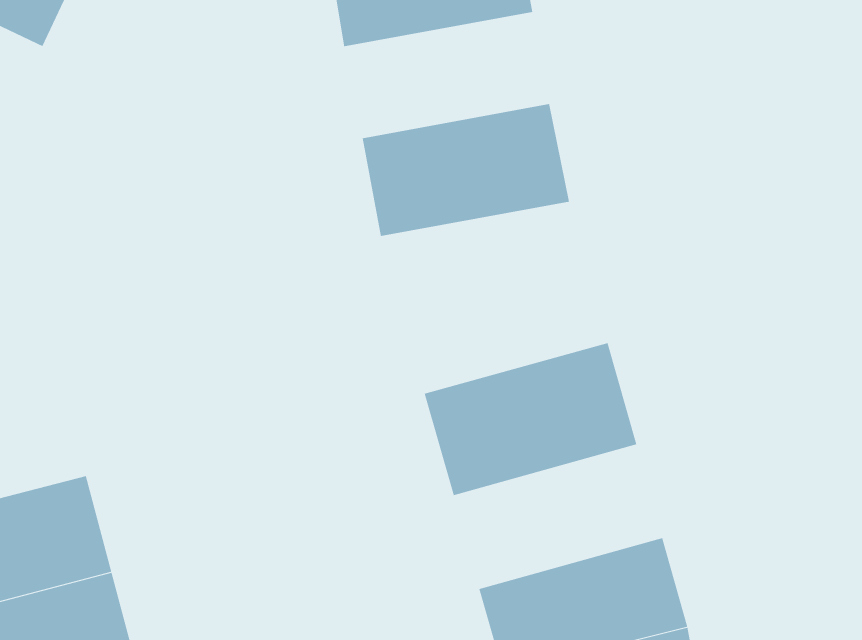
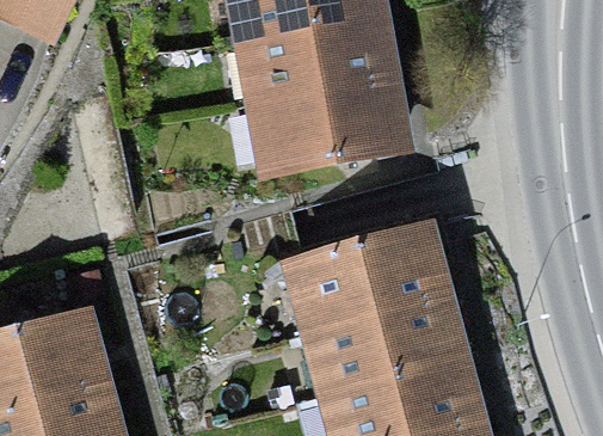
building: none -> [248,17,383,99]
building: none -> [320,300,457,394]

